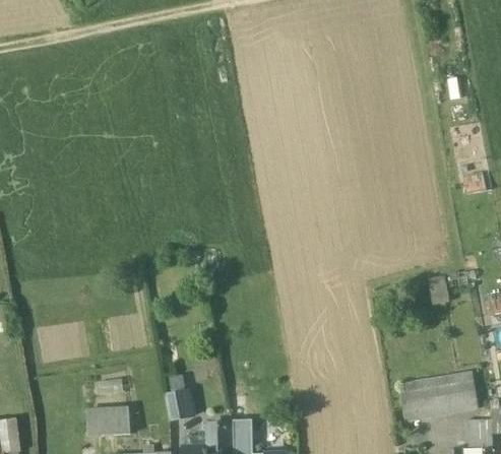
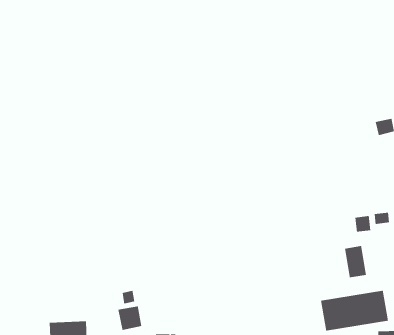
building: none -> [344,245,367,278]

